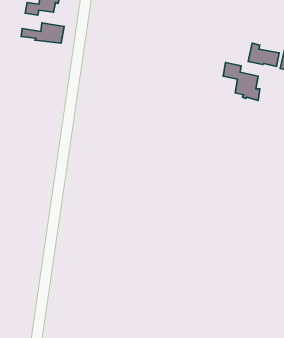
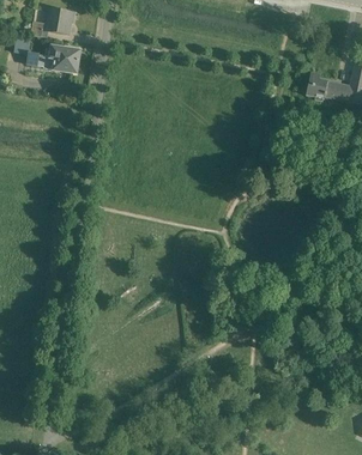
building: [223,62,260,100] -> none

